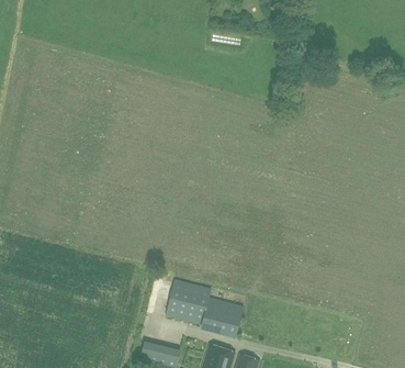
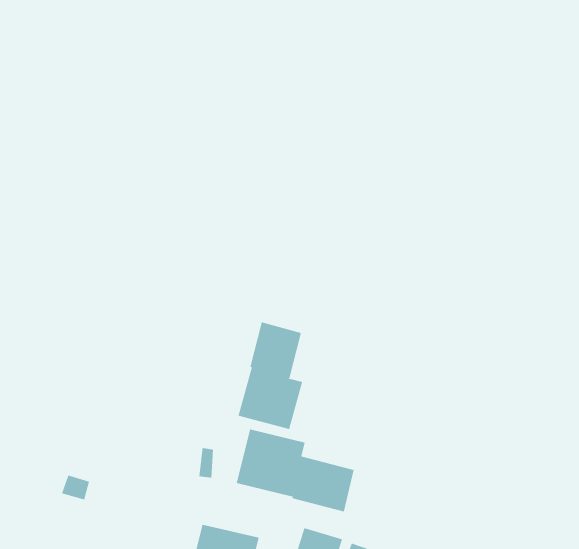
building: none -> [238,321,303,430]

